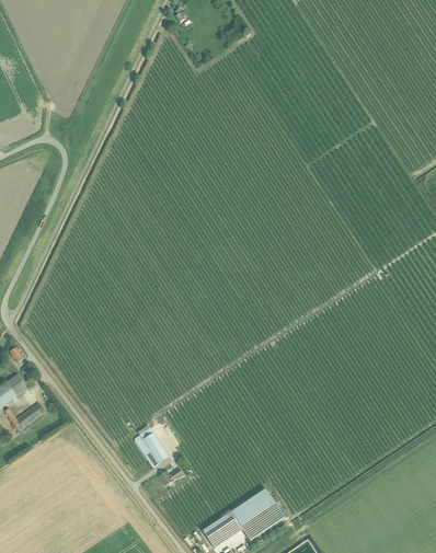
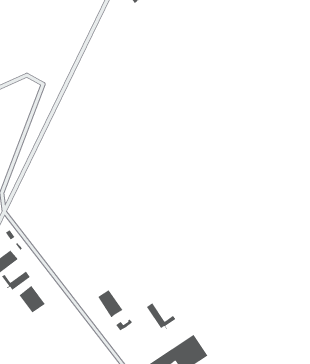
building: none -> [18,285,46,313]
building: none -> [146,302,177,330]

